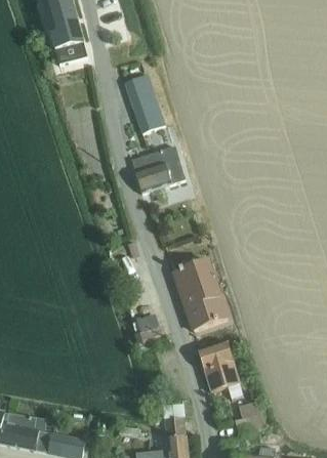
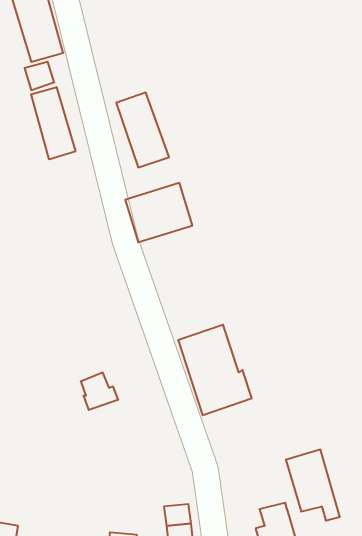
building: none -> [31,87,75,159]
building: [136,313,166,342] -> [81,372,118,410]
building: [199,341,242,398] -> [286,450,340,521]

